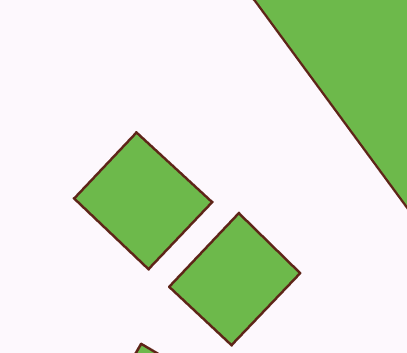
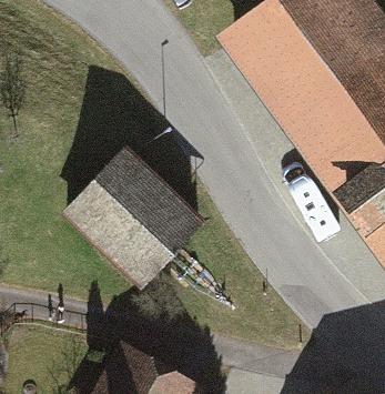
building: [169,213,300,345] -> none

